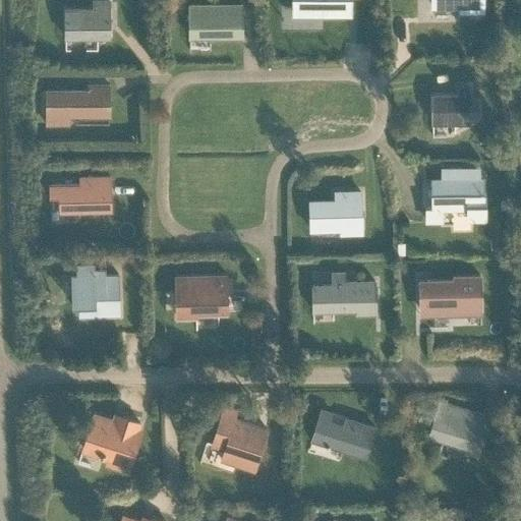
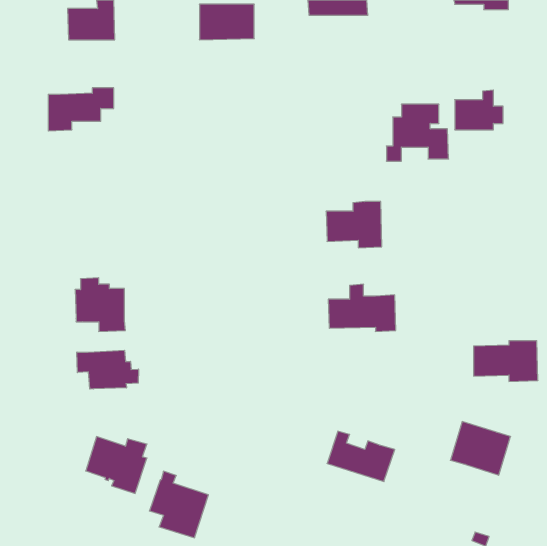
building: [427,169,486,223] -> [386,104,449,161]
building: [50,178,112,214] -> none
building: [177,277,228,320] -> none
building: [420,278,481,316] -> [474,341,538,381]
building: none -> [77,350,138,389]
building: [212,408,268,471] -> [149,471,208,538]

